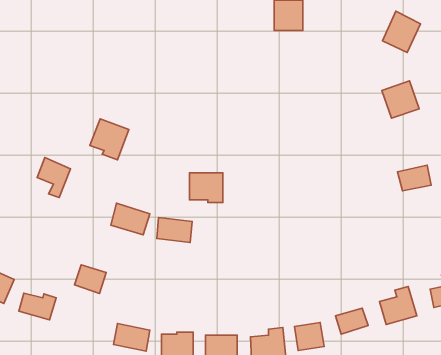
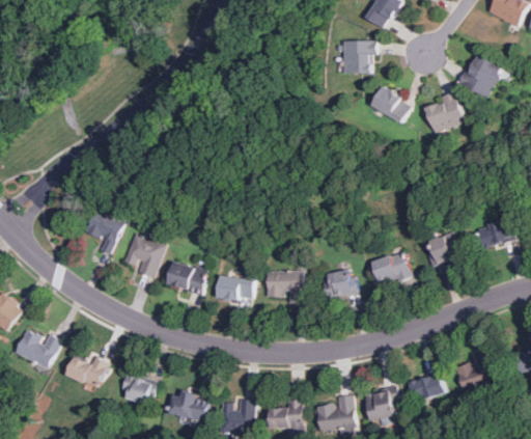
building: none -> [369,86,412,124]
building: [382,81,419,118] -> [423,93,464,134]
building: [90,119,129,160] -> [122,234,165,278]
building: [189,173,223,203] -> [266,271,302,303]
building: none -> [423,232,459,266]
building: none -> [370,251,410,284]
building: none -> [326,268,357,299]
building: [75,265,106,293] -> [118,374,152,405]

